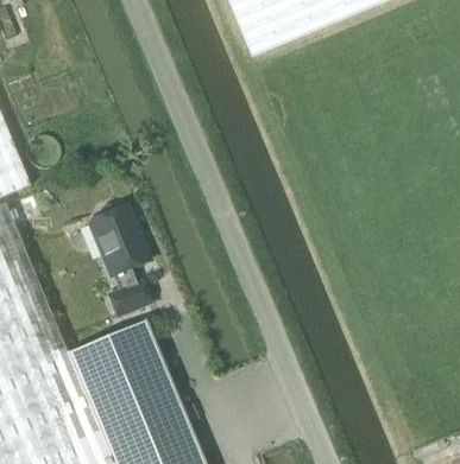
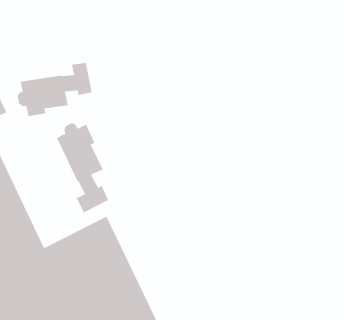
building: none -> [17,62,92,117]

